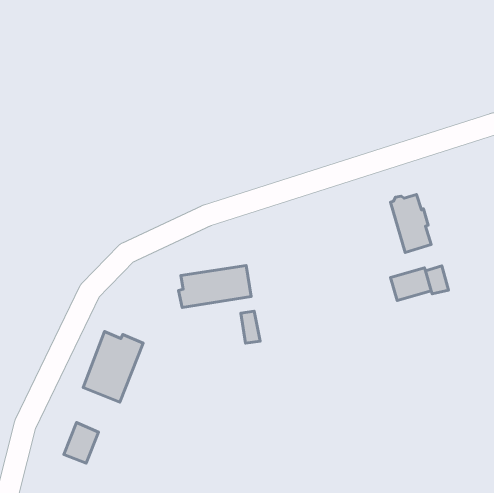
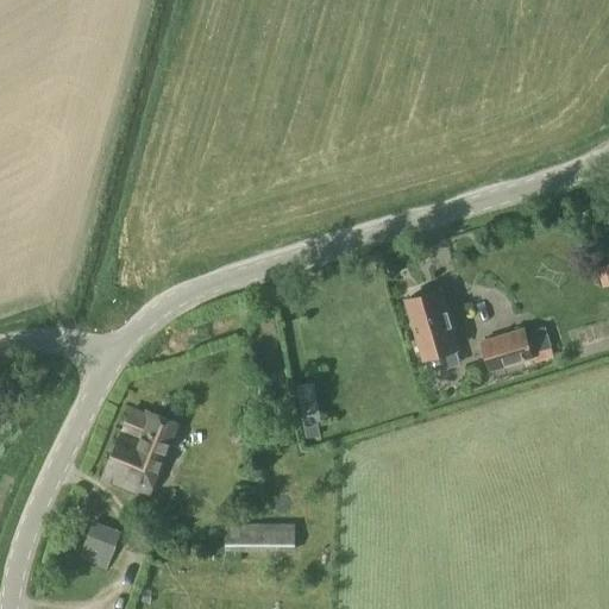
building: [391,194,431,252] -> [407,290,457,362]
building: [179,265,251,307] -> none
building: none -> [226,525,291,550]

